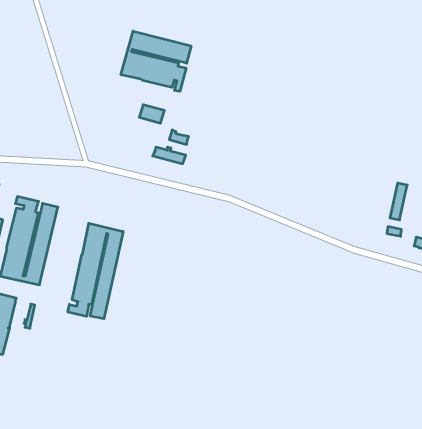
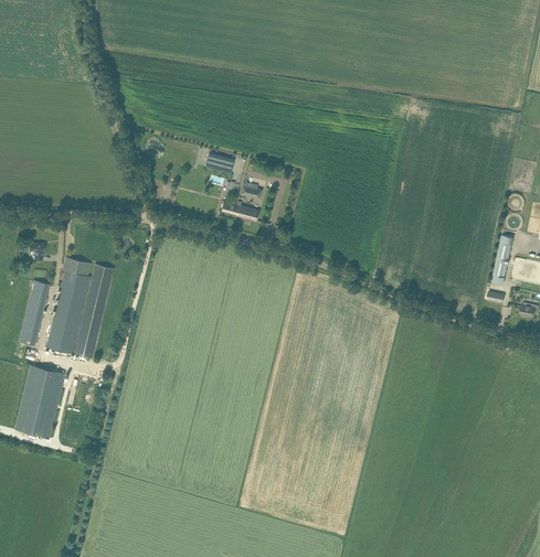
building: [121,31,191,91] -> none
building: [68,223,123,319] -> none

